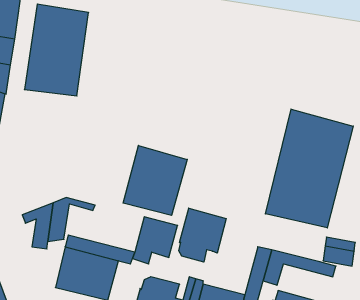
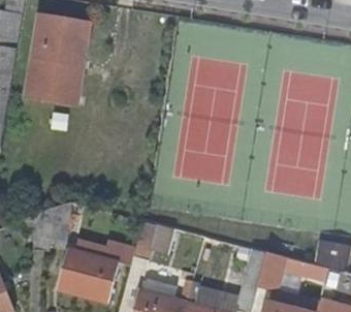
building: [265,109,353,228] -> none
building: [123,145,187,215] -> none
building: [179,208,226,262] -> none

